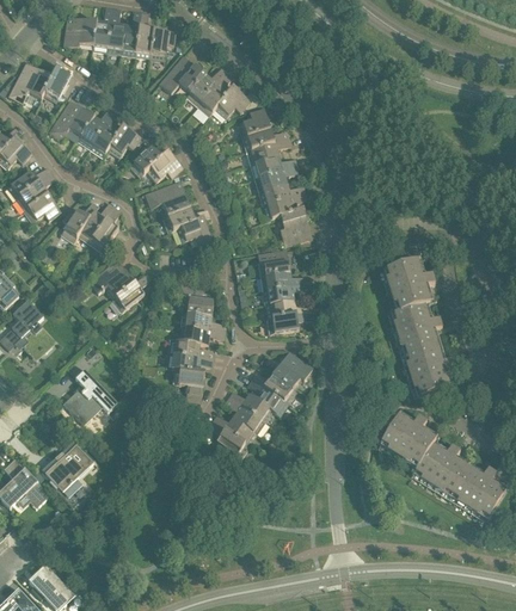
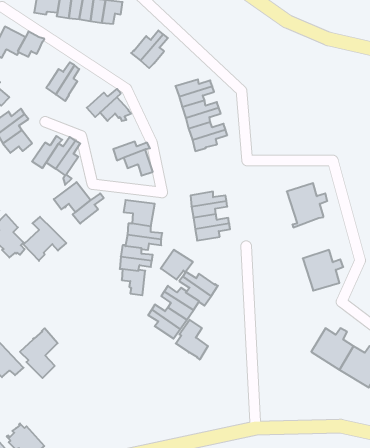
building: [159,55,205,93] -> none
building: [215,86,250,118] -> none
building: [49,99,94,138] -> none
building: [239,107,271,137] -> none
building: [108,124,142,156] -> none
building: [146,180,191,216] -> none
building: [280,208,312,245] -> none
building: [258,249,290,276] -> none
building: [392,304,442,356] -> none
building: [272,351,313,389] -> [161,250,193,280]
building: [63,369,118,425] -> [23,217,66,261]
building: [380,416,436,474] -> none
building: none -> [176,320,208,360]

